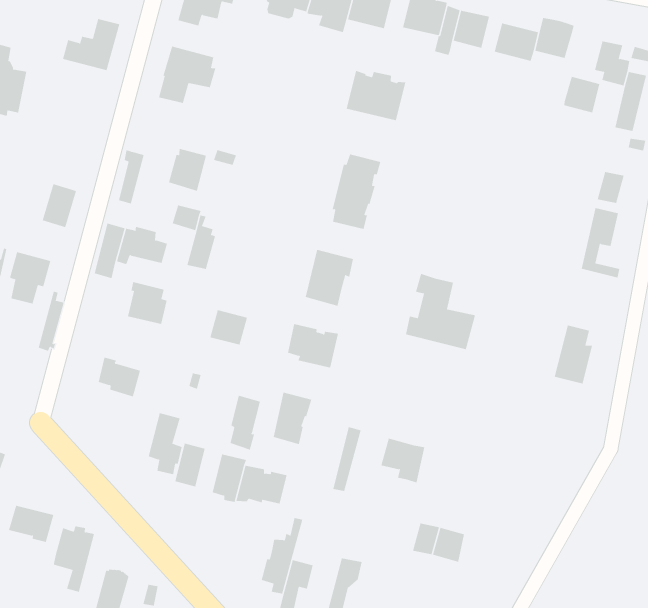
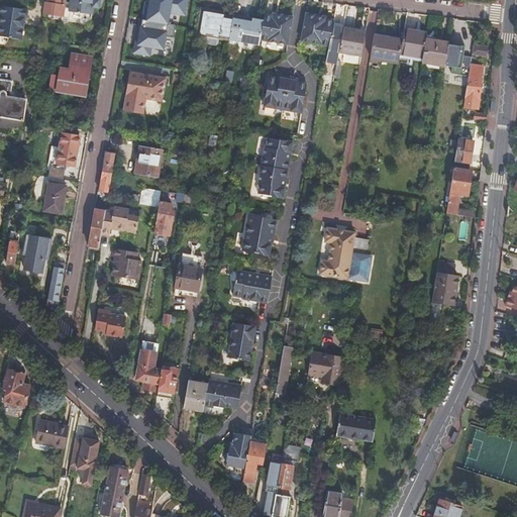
building: [563,76,600,113] -> [424,39,450,66]
building: none -> [57,131,79,164]
building: [230,395,260,451] -> none

